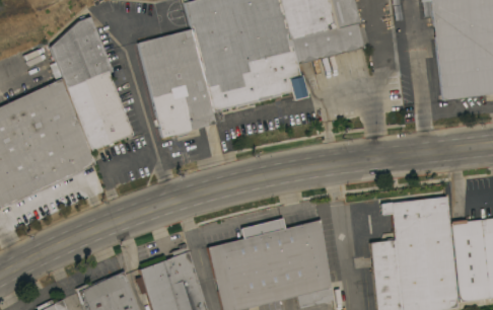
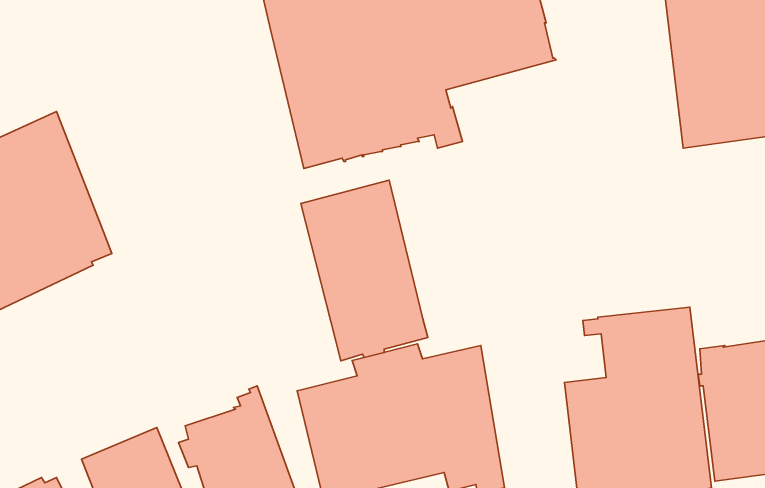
building: [50,16,132,151] -> none
building: [138,28,215,138] -> [301,180,428,361]

